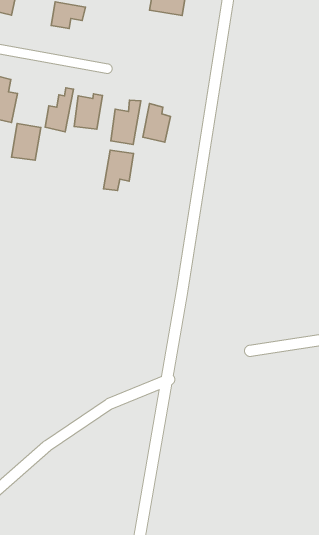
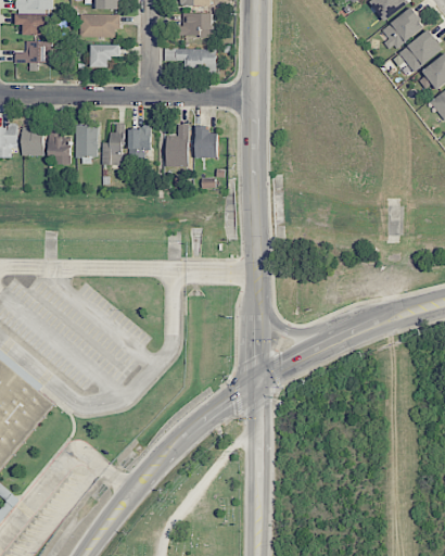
building: none -> [164,49,216,73]
building: [11,123,41,160] -> [75,125,98,157]
building: [103,150,134,191] -> none

